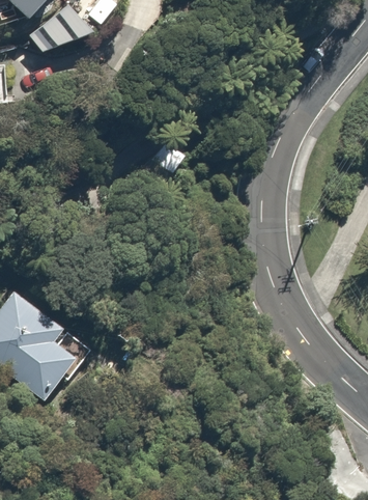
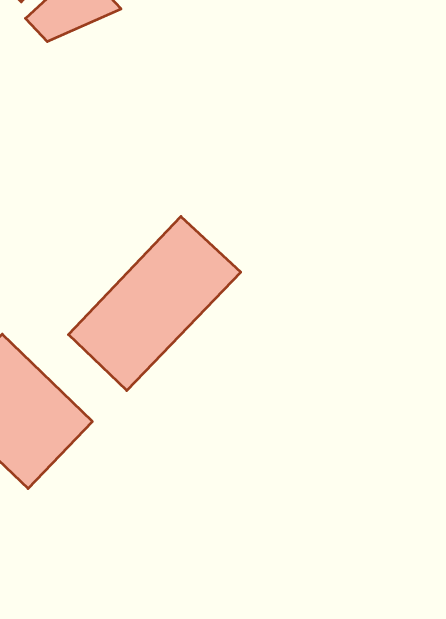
building: none -> [68,216,241,391]

